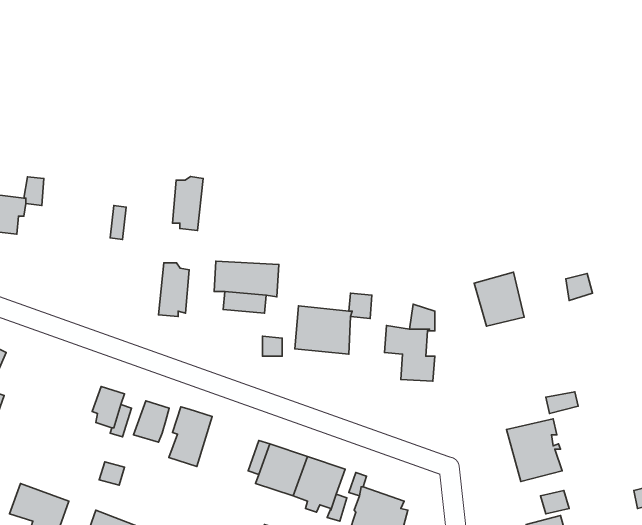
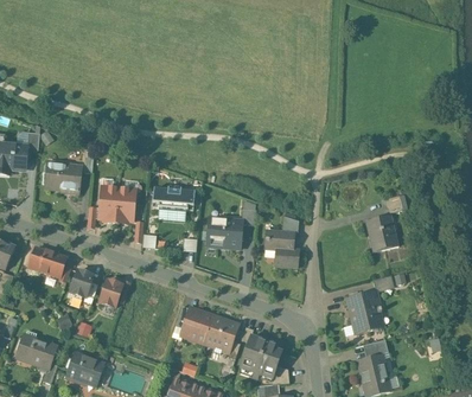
building: [173,177,203,230] -> [98,187,119,223]
building: none -> [44,164,81,194]
building: [474,272,524,326] -> [364,216,397,251]
building: none -> [28,246,66,277]
building: [169,407,212,466] -> none

